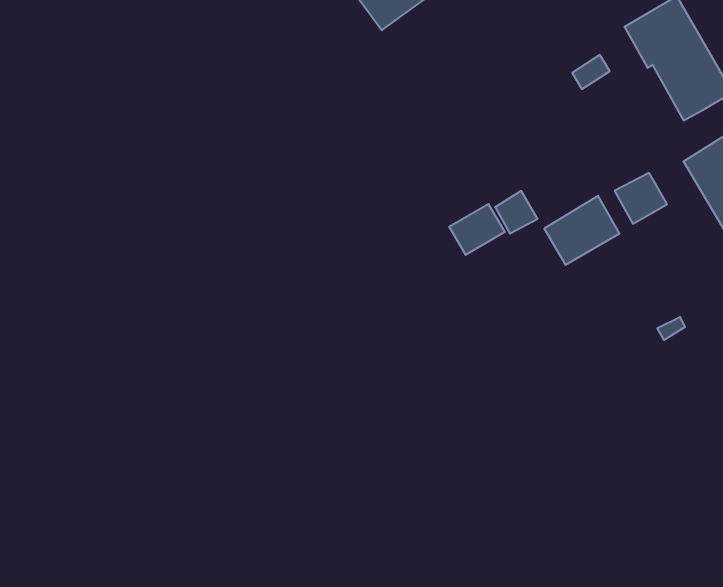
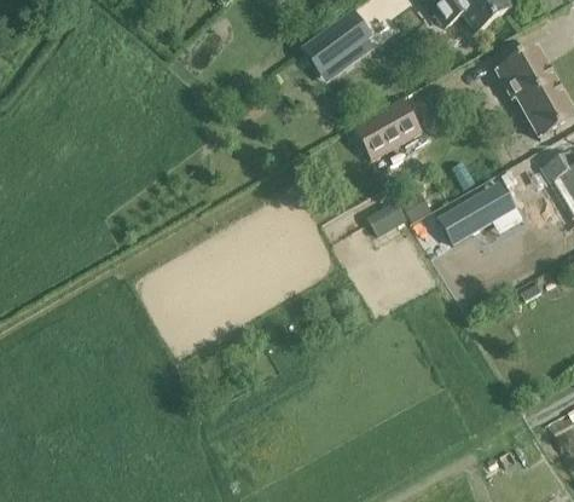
building: none -> [354,98,423,158]

